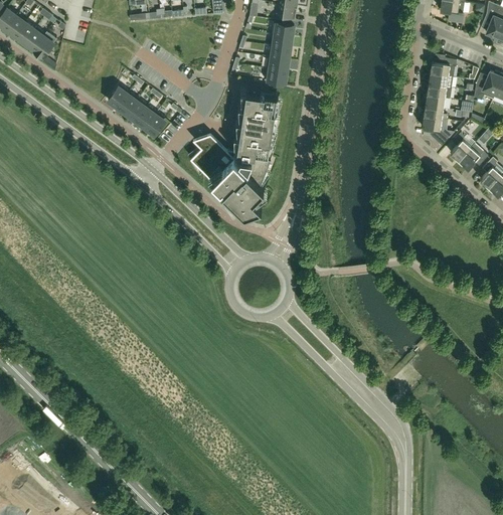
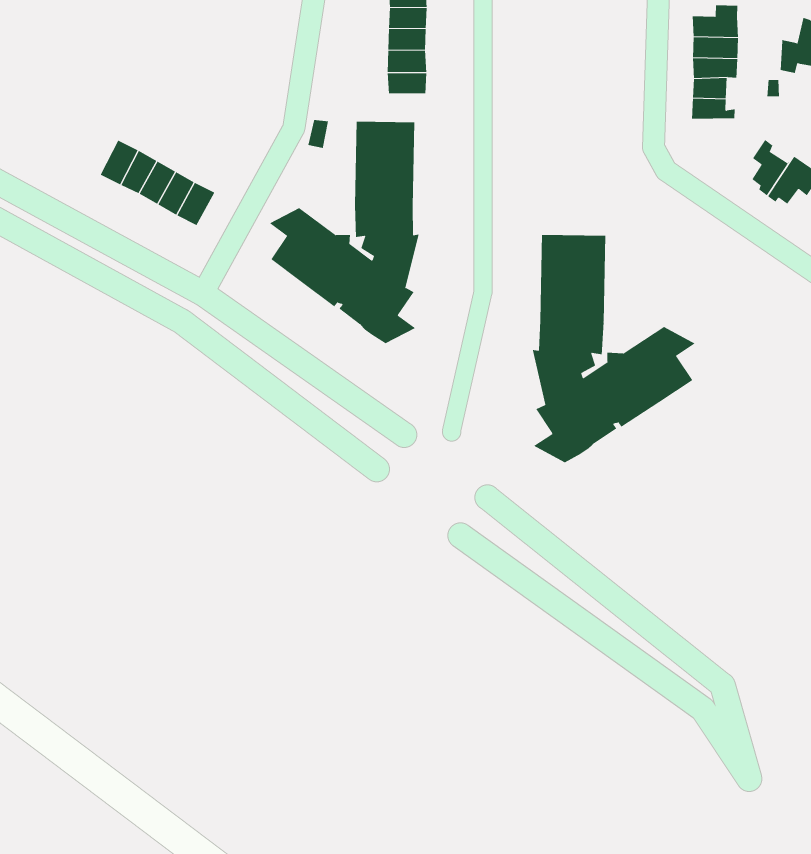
building: [423,118,449,147] -> none
building: none -> [532,234,696,463]

